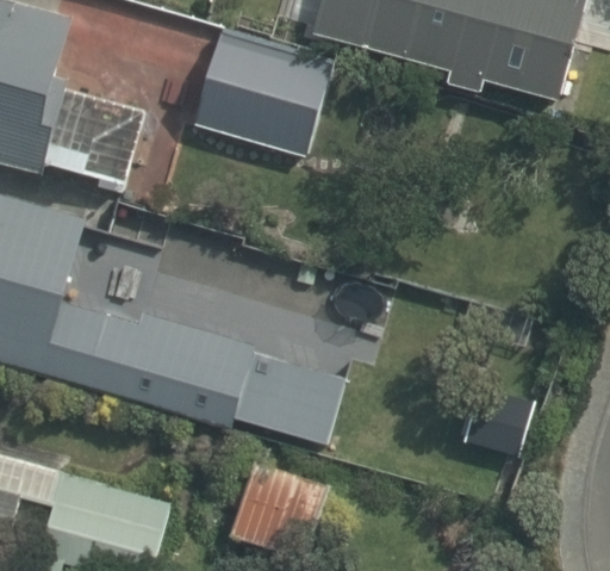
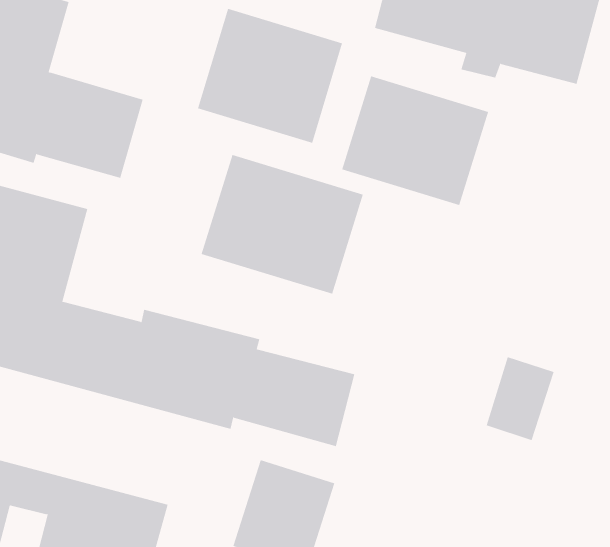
building: none -> [342,76,489,206]
building: none -> [201,154,364,294]

